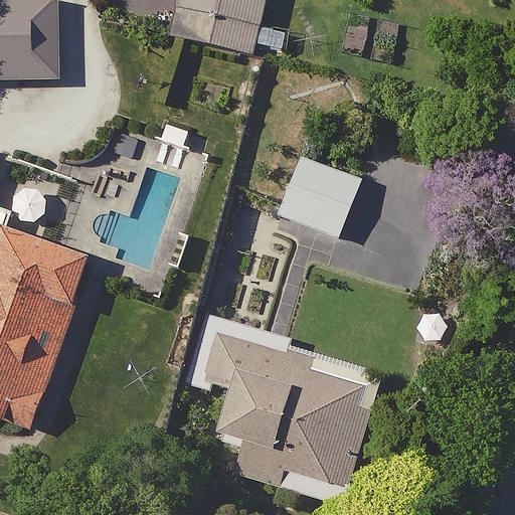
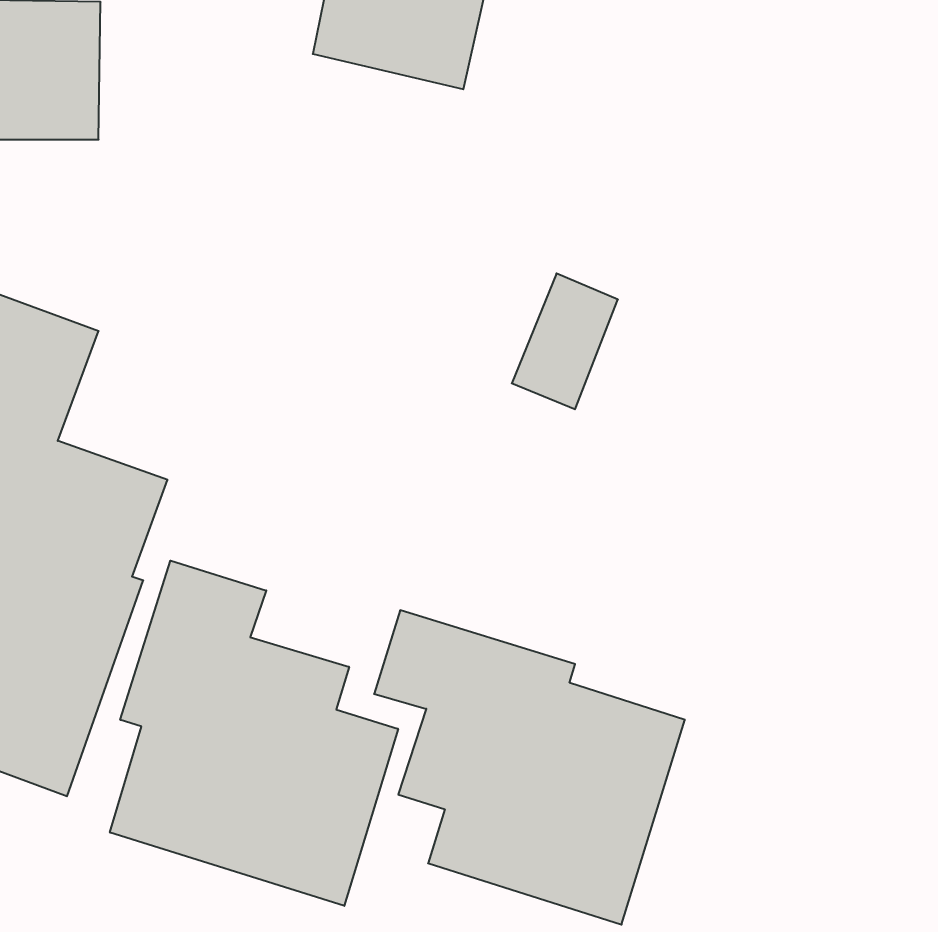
building: none -> [110,561,398,906]

